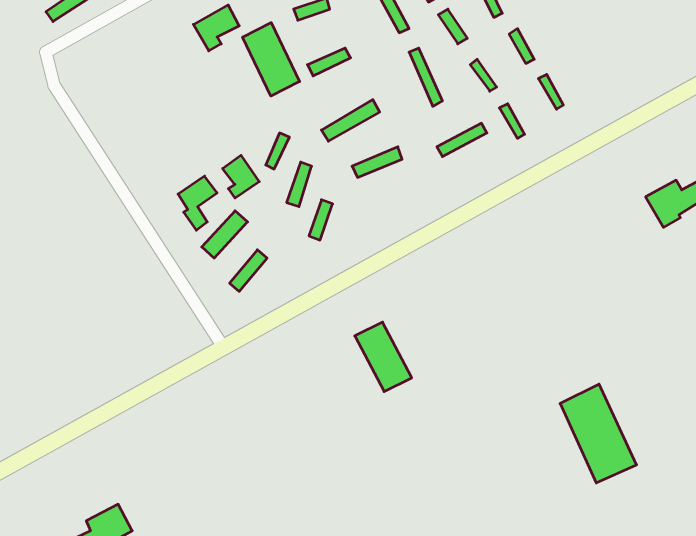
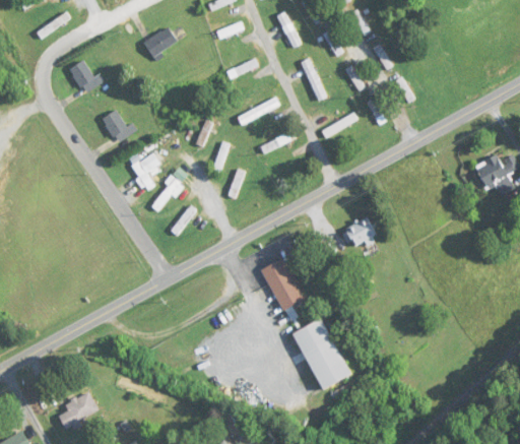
building: [243,23,300,96] -> none
building: none -> [70,60,104,93]
building: none -> [102,108,132,142]
building: [223,155,259,198] -> none
building: none -> [345,218,375,245]
building: [560,384,637,483] -> [294,317,349,389]

